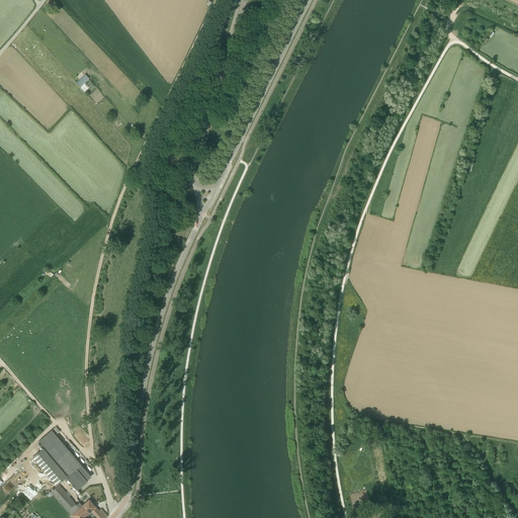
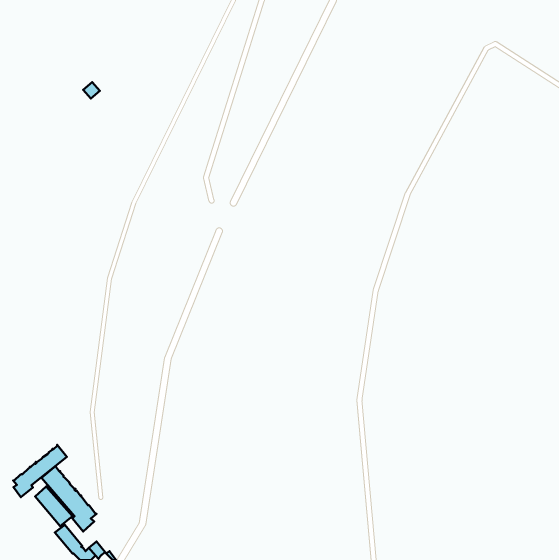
building: none -> [13,445,67,497]

